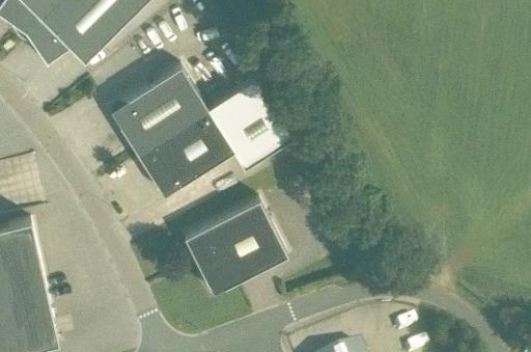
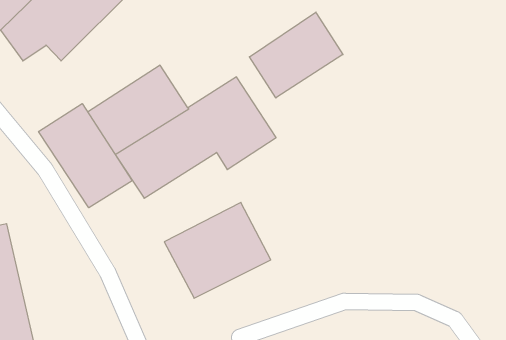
building: none -> [249,12,343,98]
building: none -> [39,104,132,208]

